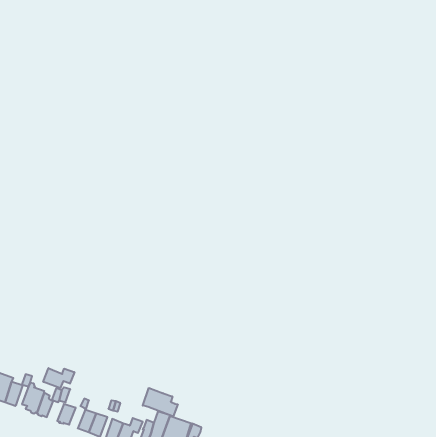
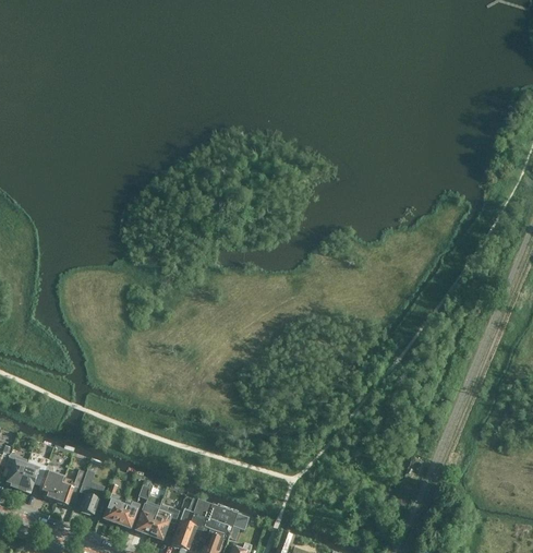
building: [43,368,74,388] -> none
building: [143,388,178,417] -> none

